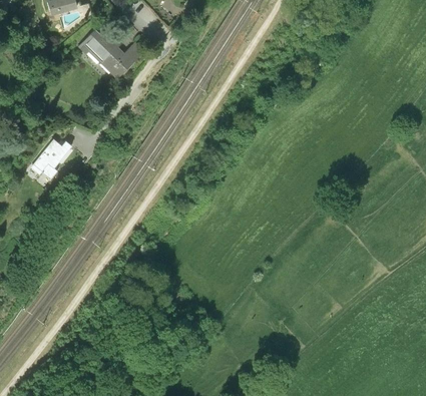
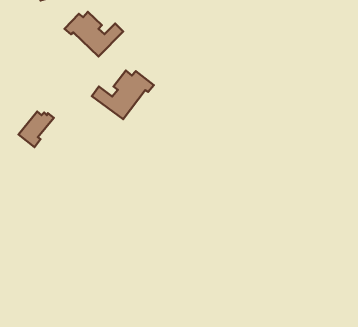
building: none -> [92,71,154,119]

